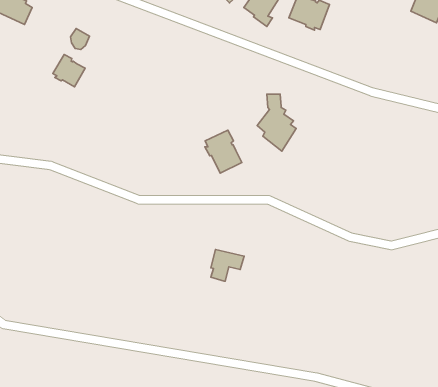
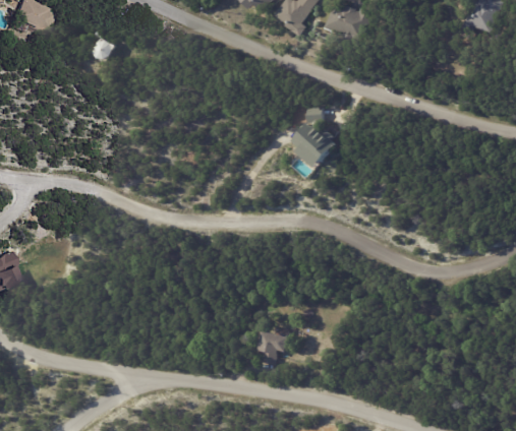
building: [53,54,85,87] -> none
building: [205,130,242,173] -> none
building: [211,250,244,281] -> [260,331,295,365]

